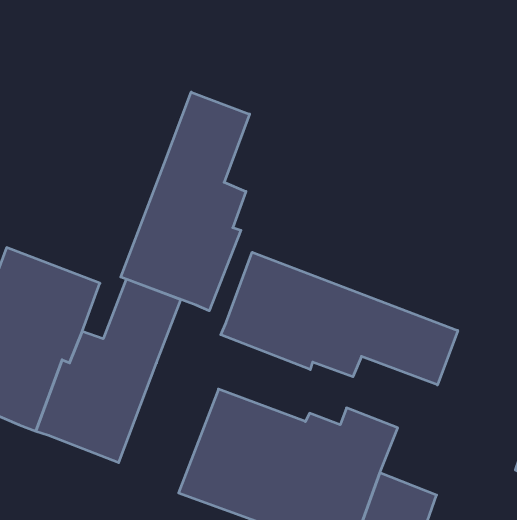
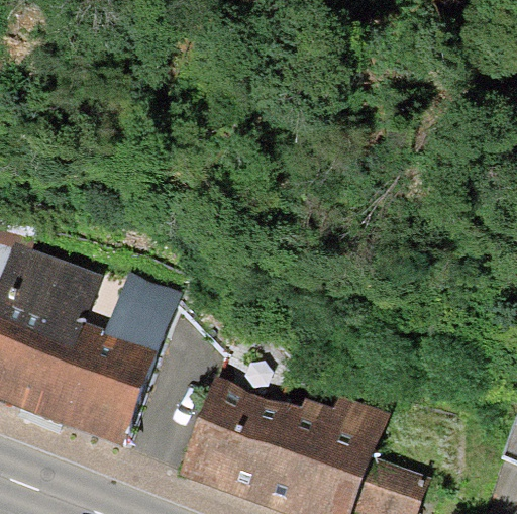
building: [121,92,250,311] -> none
building: [221,252,458,385] -> none

